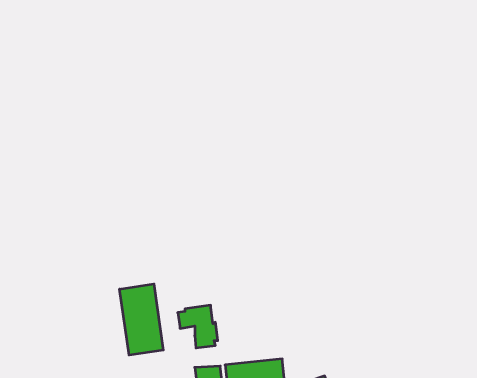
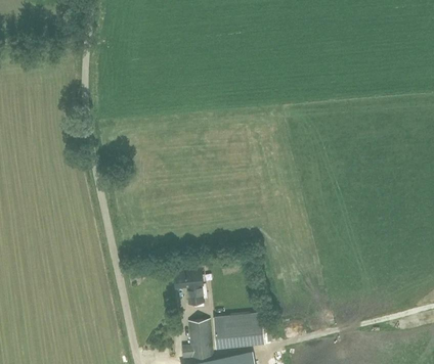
building: [120,284,163,355] -> none

